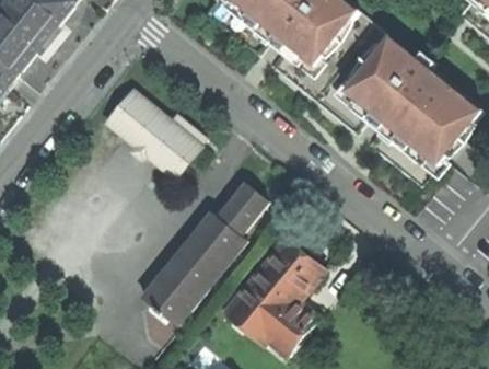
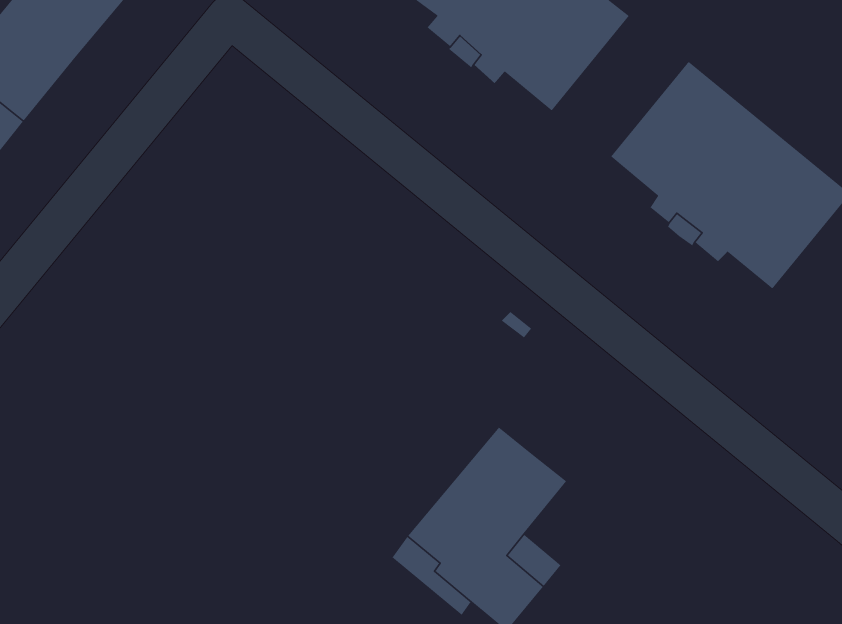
building: [106,91,205,176] -> none
building: [141,183,266,324] -> none

